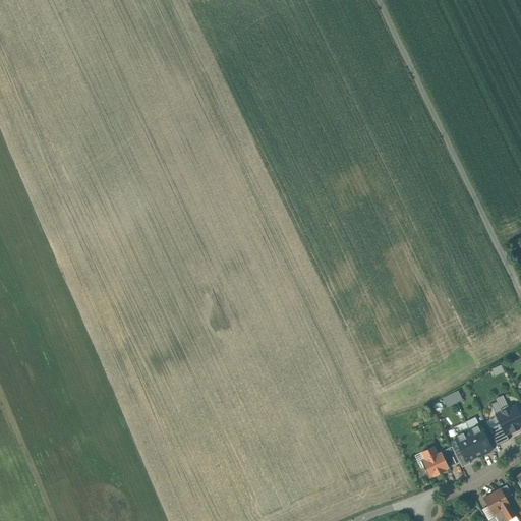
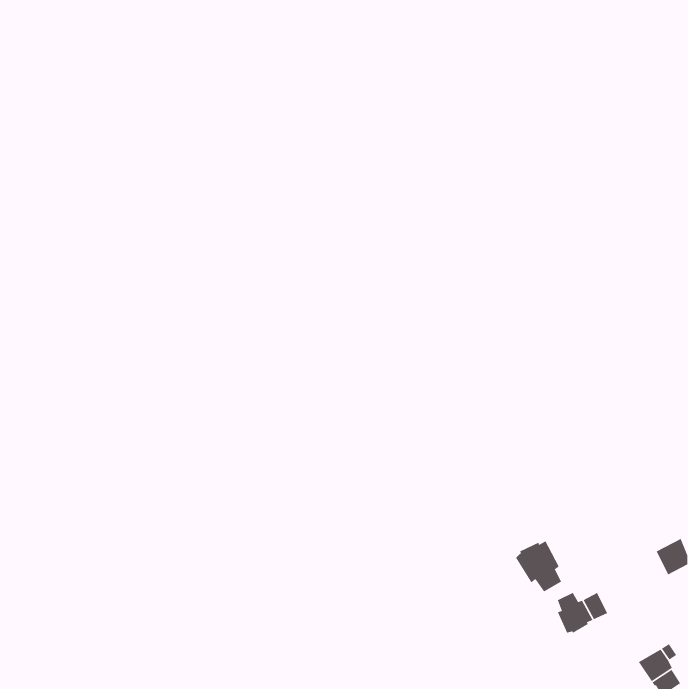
building: none -> [515,540,562,592]
building: [453,425,489,462] -> none

